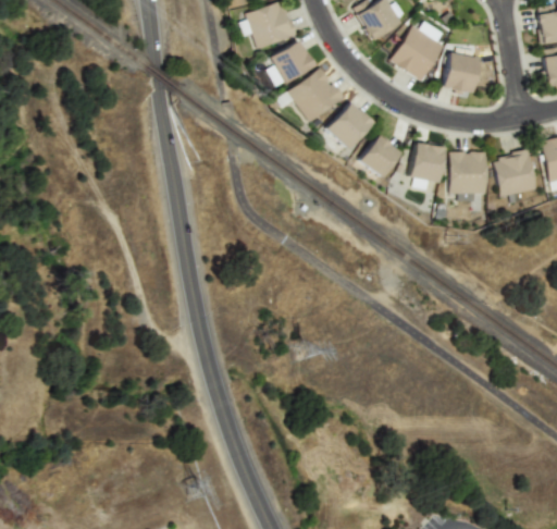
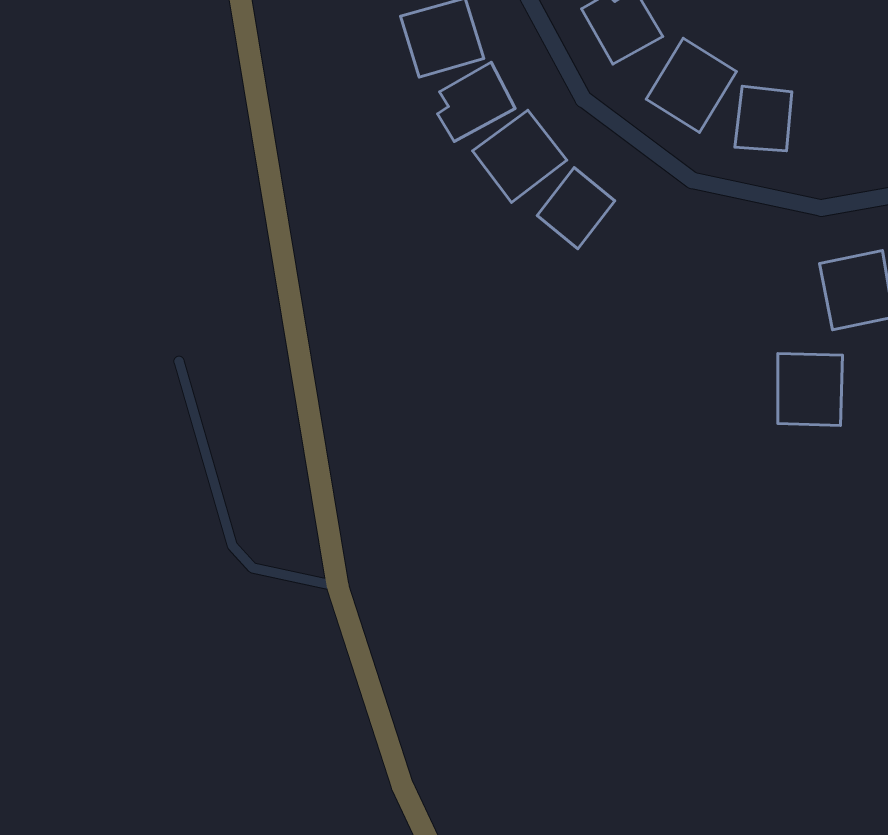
building: [360,136,401,179] -> none
building: [411,144,445,182] -> none
building: [450,152,488,195] -> [778,353,842,425]

